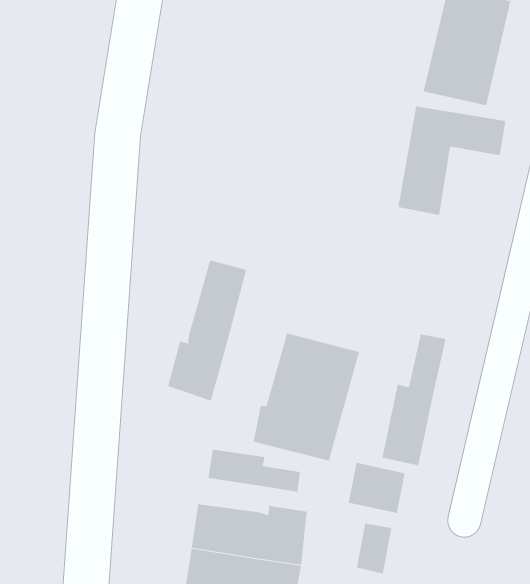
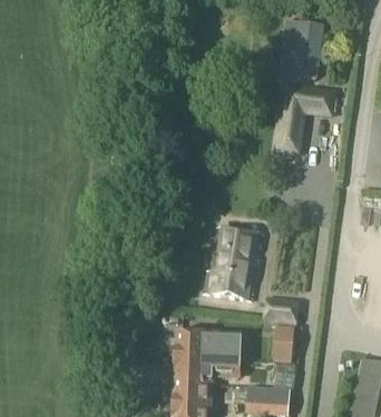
building: [168,259,247,401] -> none
building: [382,334,446,466] -> none
building: [208,449,300,493] -> none

